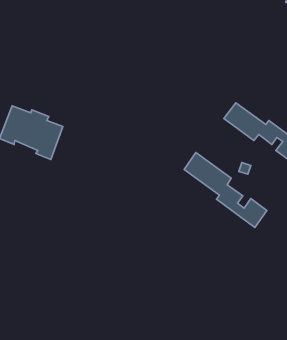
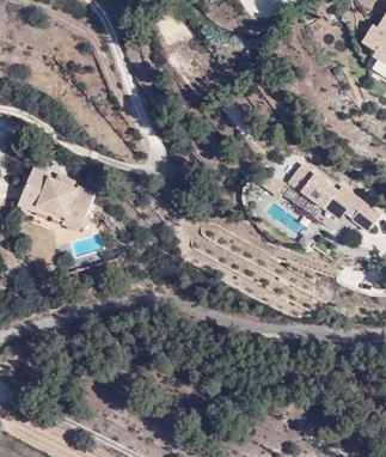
building: [184,153,267,227] -> none

